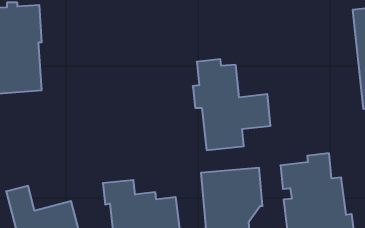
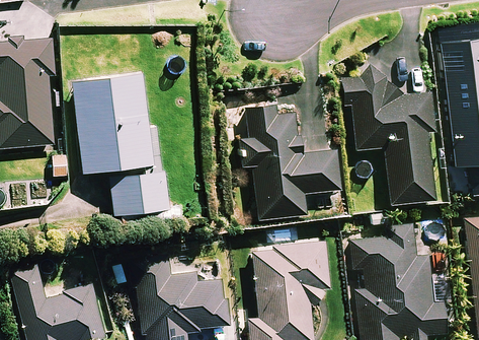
building: none -> [341,65,432,206]
building: none -> [72,75,164,218]

